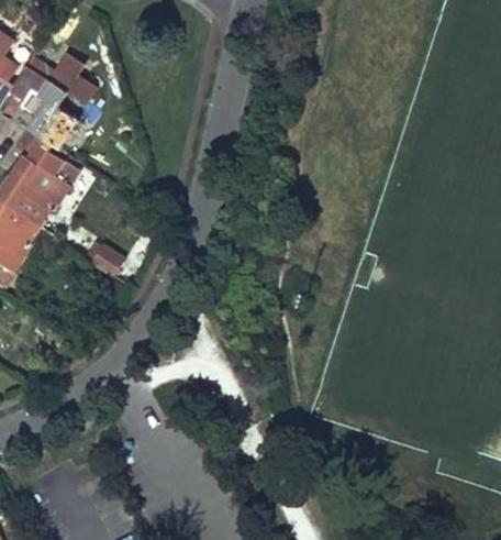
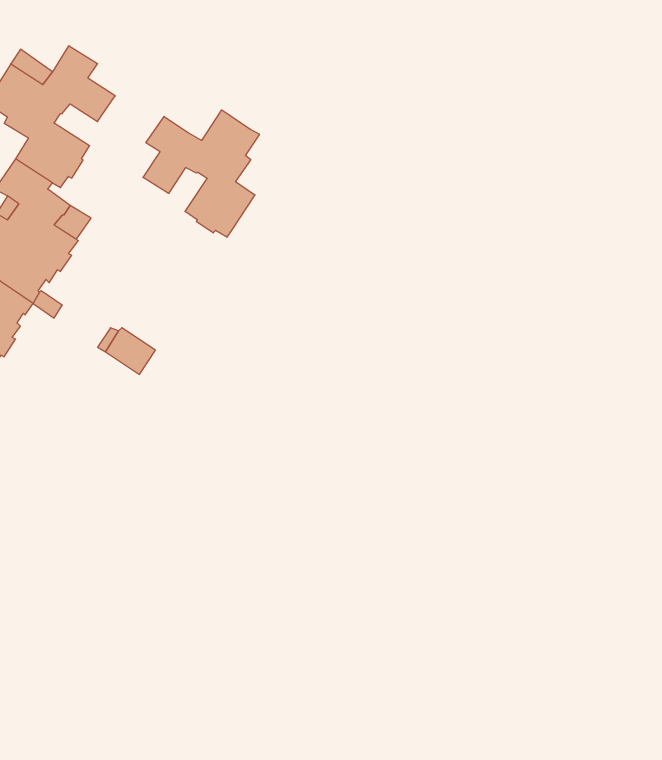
building: none -> [143,110,259,237]

